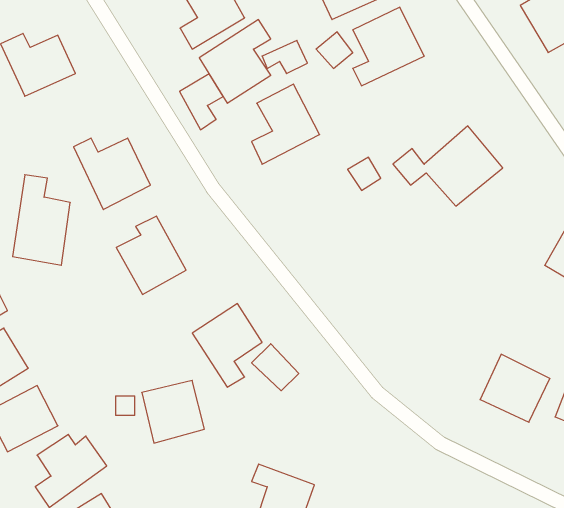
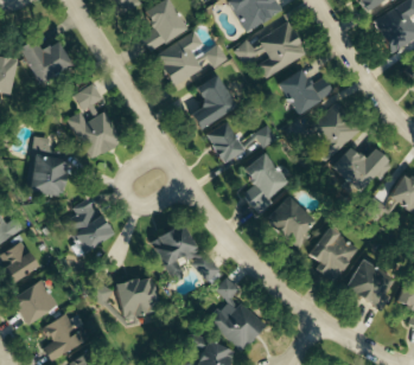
building: [180,74,223,130] -> [74,83,103,121]
building: none -> [278,69,332,115]
building: none -> [204,122,244,165]
building: none -> [331,147,387,193]
building: none -> [242,153,288,210]
building: [116,216,186,294] -> [63,200,110,254]
building: none -> [265,196,313,249]
building: none -> [307,228,357,280]
building: none -> [209,277,265,350]

